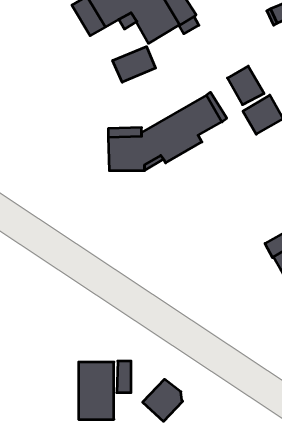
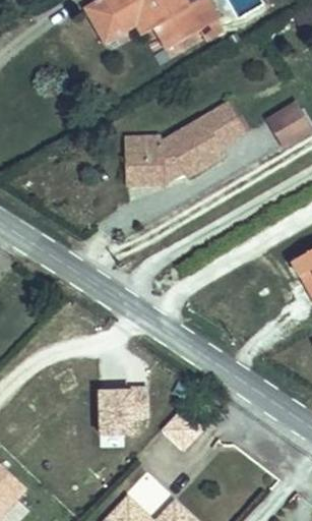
building: [113,47,156,82] -> none
building: [227,66,264,105] -> none

